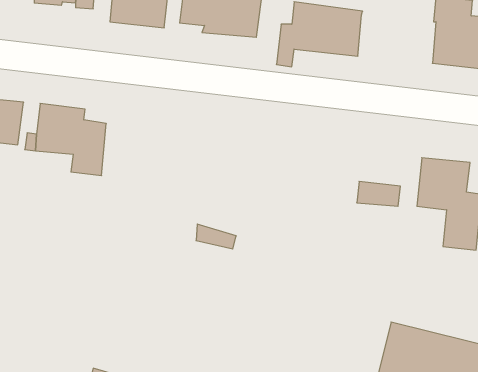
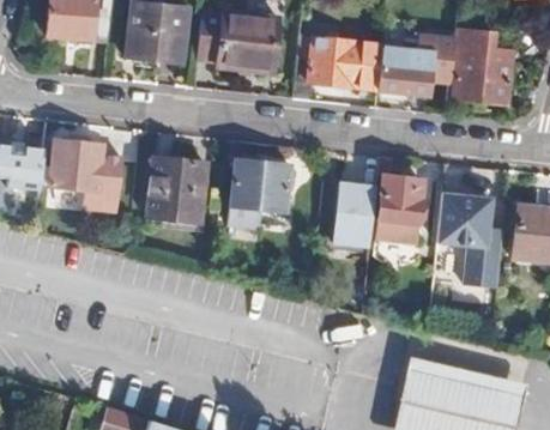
building: none -> [377,49,431,96]
building: none -> [379,157,423,223]
building: none -> [228,159,291,230]
building: none -> [147,161,206,223]
building: none -> [337,183,377,246]

